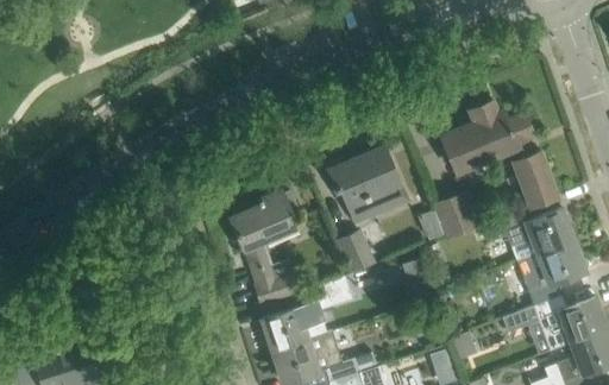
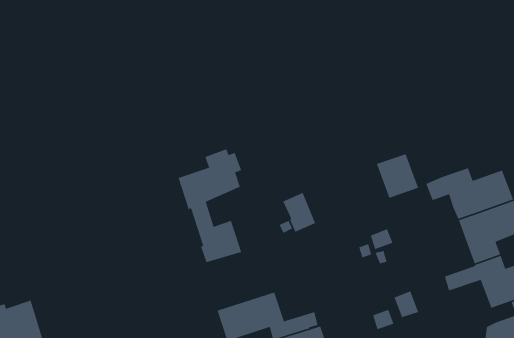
building: [440,101,557,206] -> none
building: [326,146,400,216] -> none
building: [262,276,350,352] -> none

